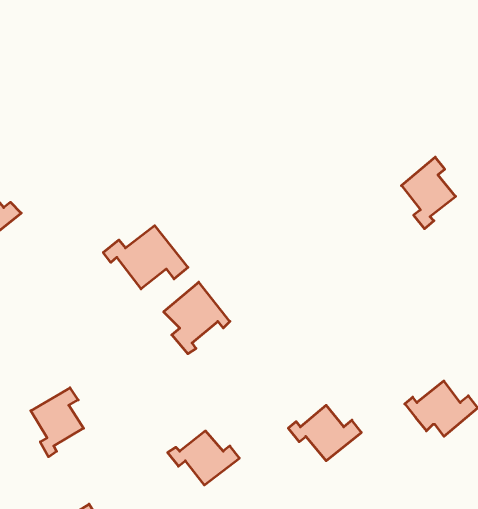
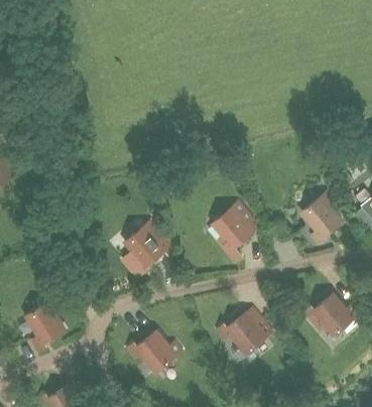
building: [401,157,456,229] -> [301,191,342,245]
building: [103,226,188,289] -> none
building: none -> [212,202,252,256]

